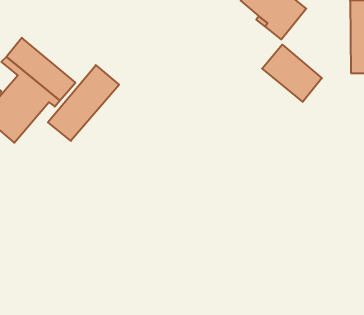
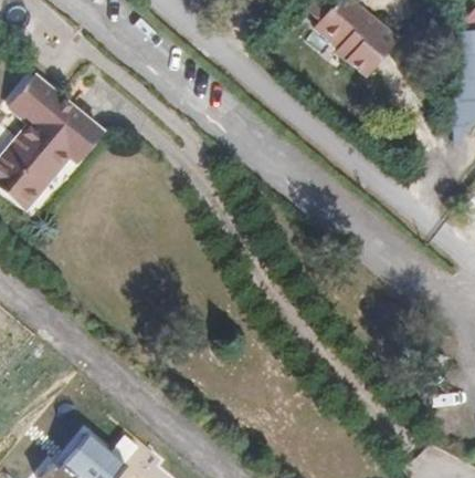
building: [262,45,322,102] -> none
building: [48,65,119,141] -> none

